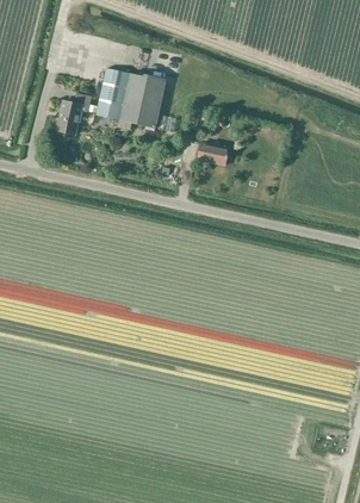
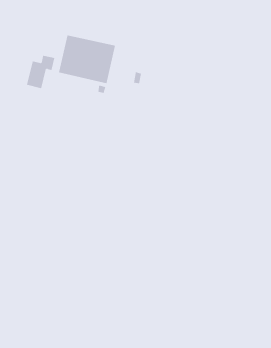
building: [197,139,229,166] -> none

